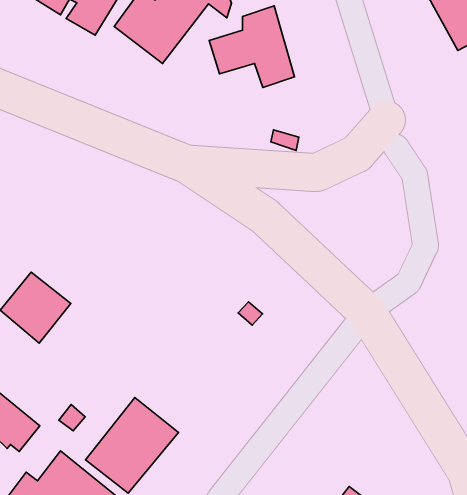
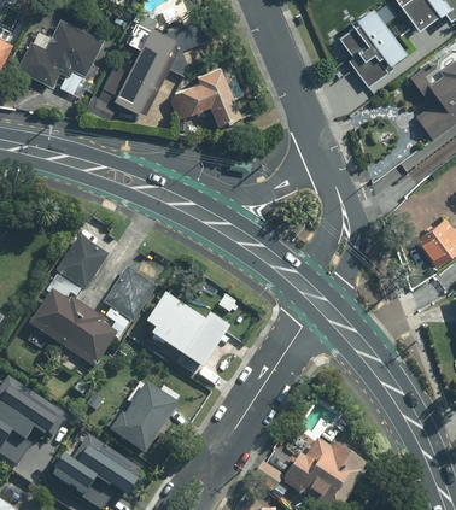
building: none -> [53,231,110,291]
building: none -> [105,266,159,323]
building: none -> [141,291,228,371]
building: none -> [64,312,121,368]

